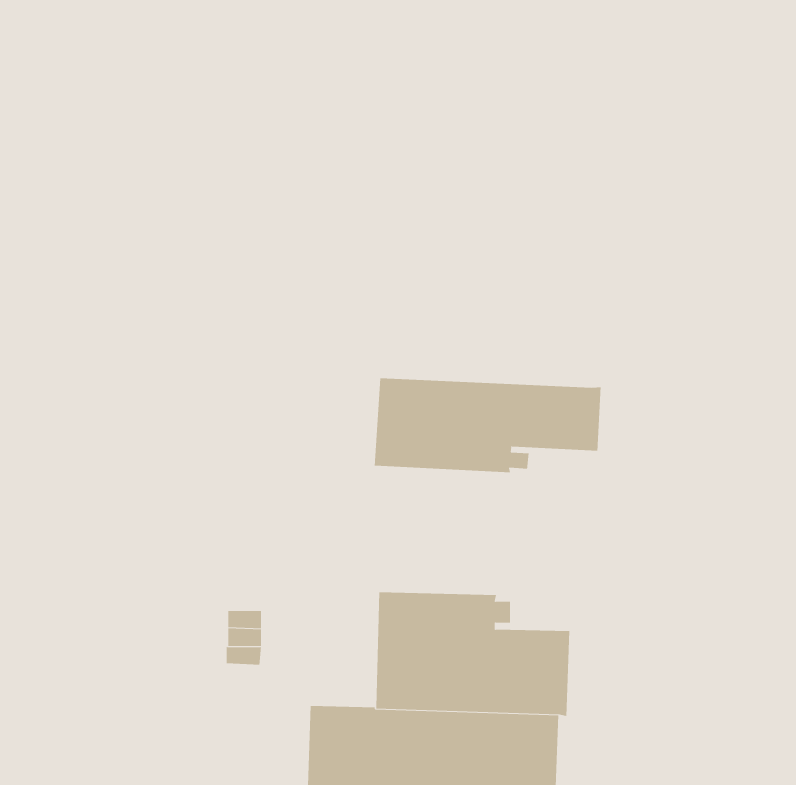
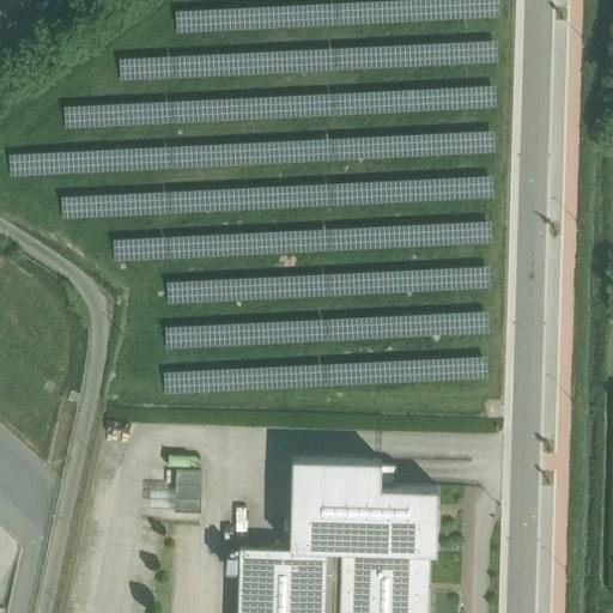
building: [374,377,601,473] -> none

